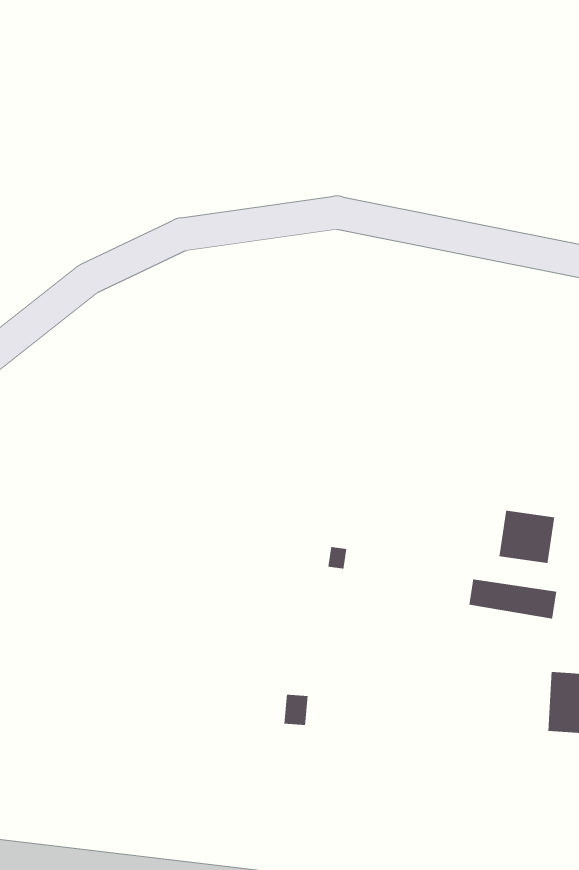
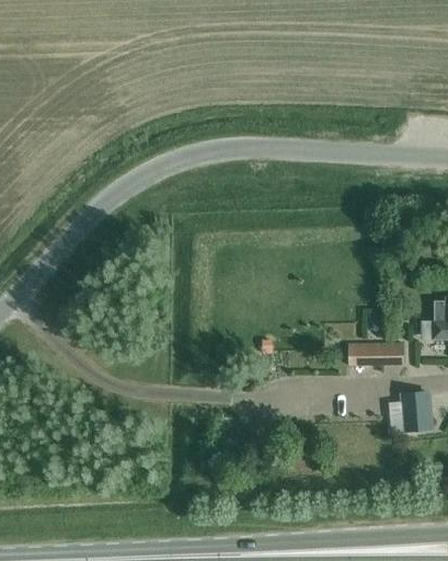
building: [499,510,555,564] -> none

